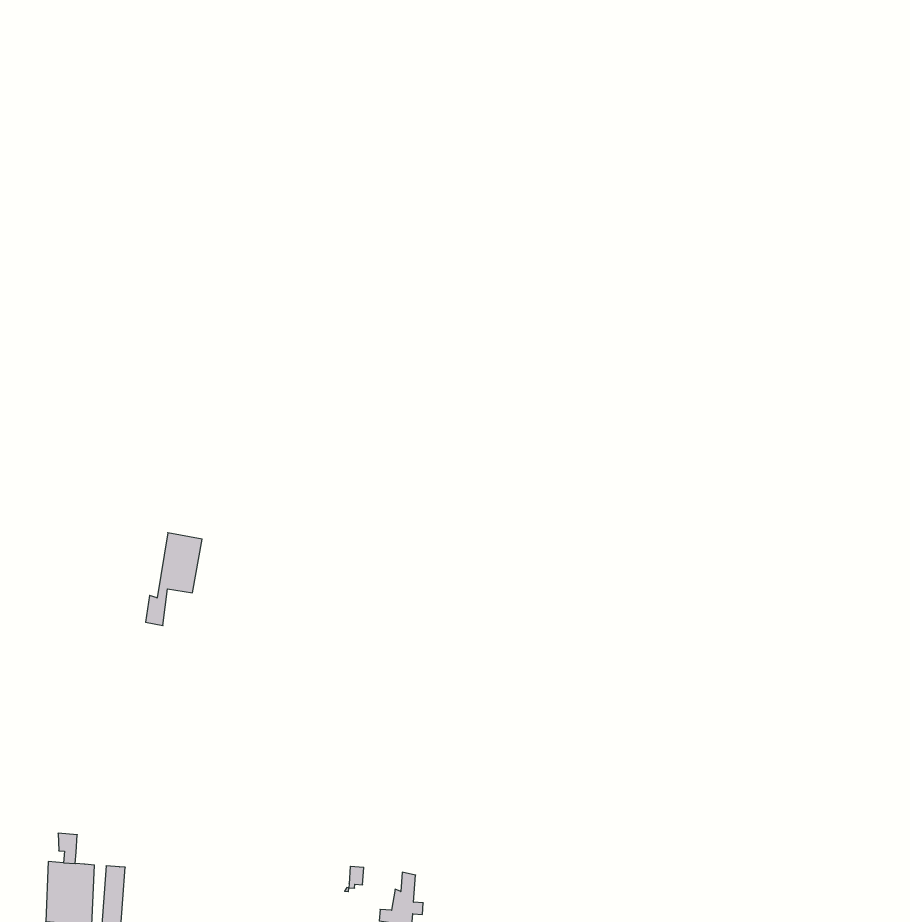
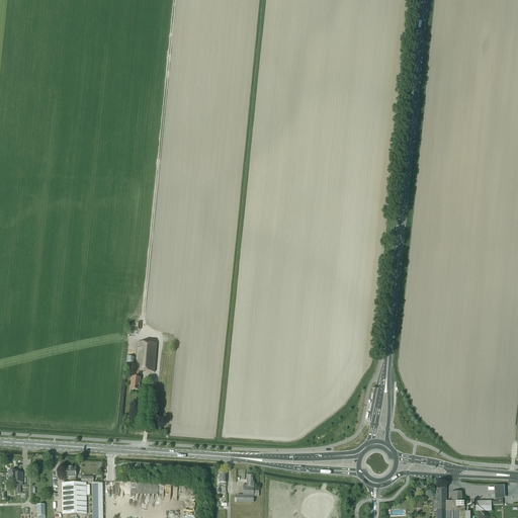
building: [146,533,202,626] -> [131,341,157,390]

